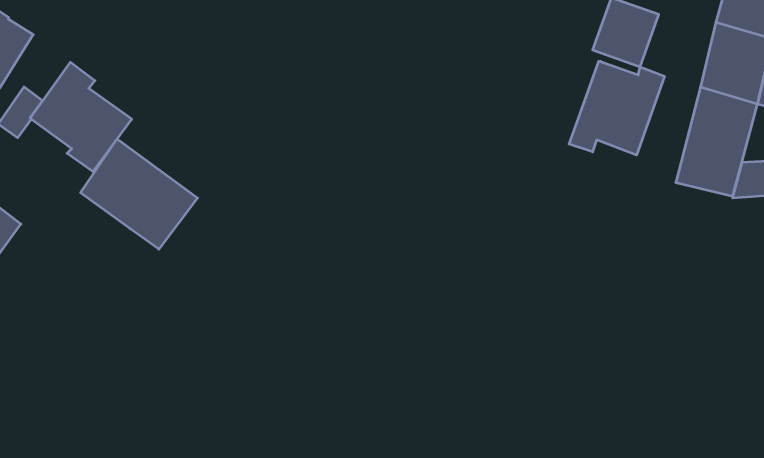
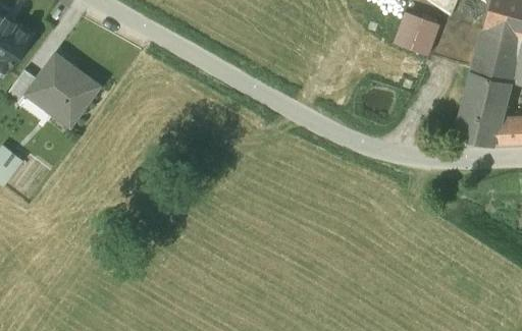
building: [569,61,664,155] -> none
building: [81,139,198,249] -> none

